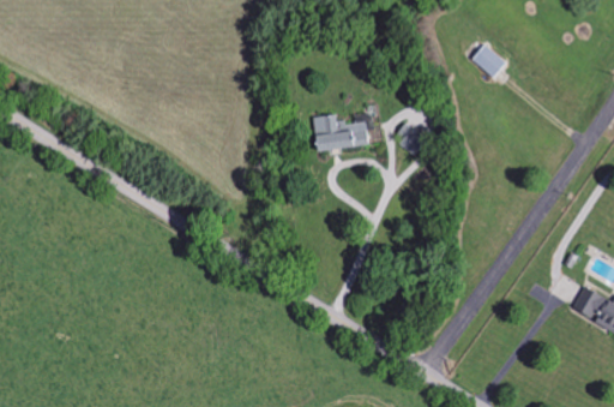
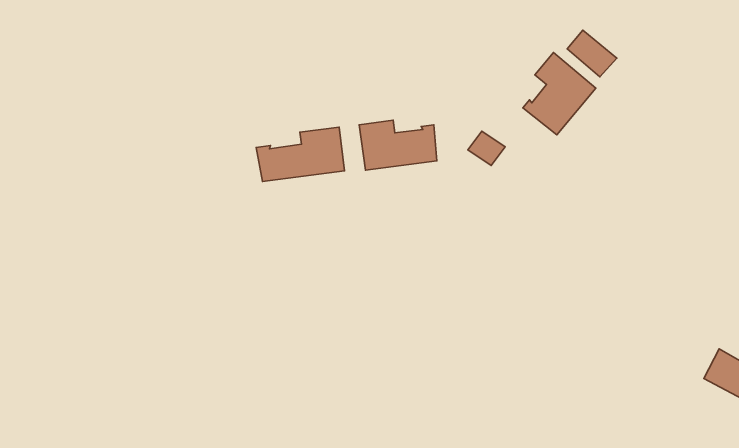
building: none -> [523,53,596,135]
building: none -> [256,127,345,182]

